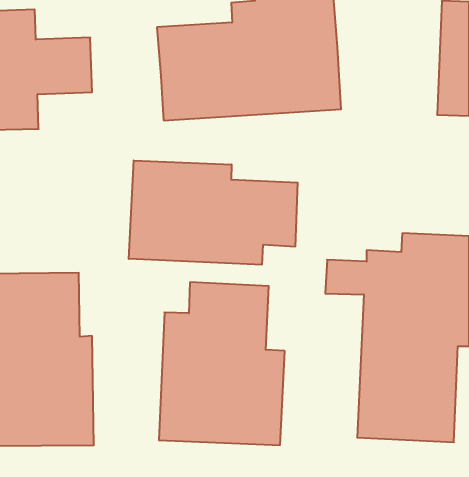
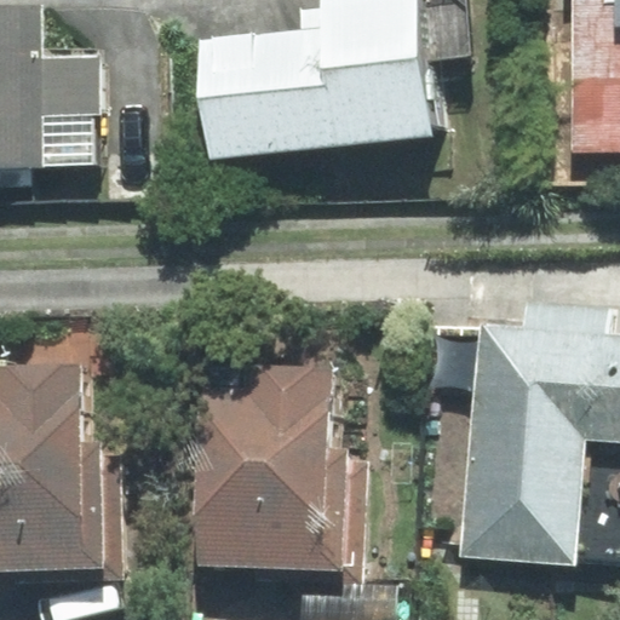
building: [129,160,298,265] -> none

